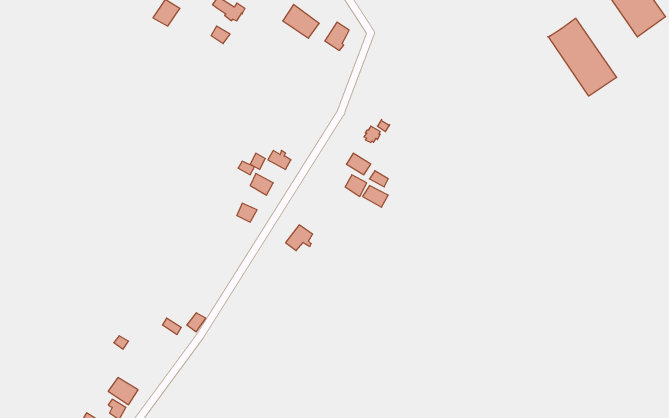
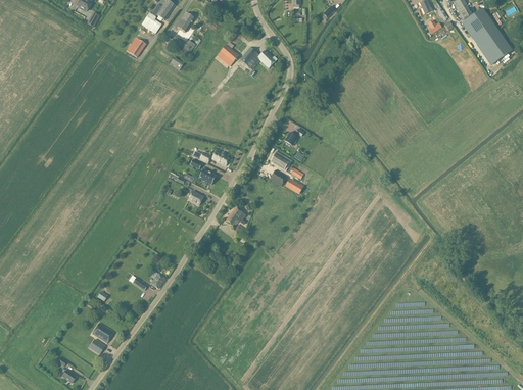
building: [548,18,617,96] -> none

